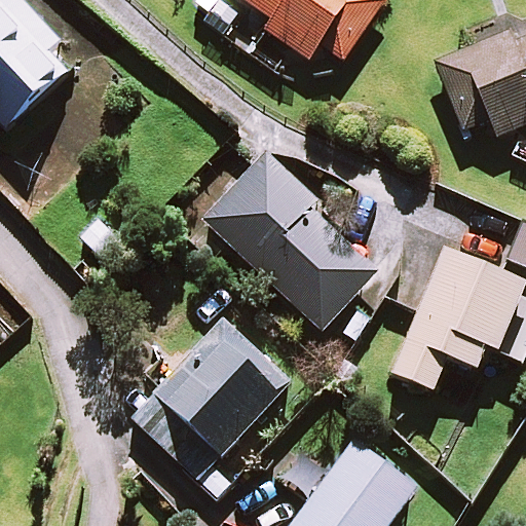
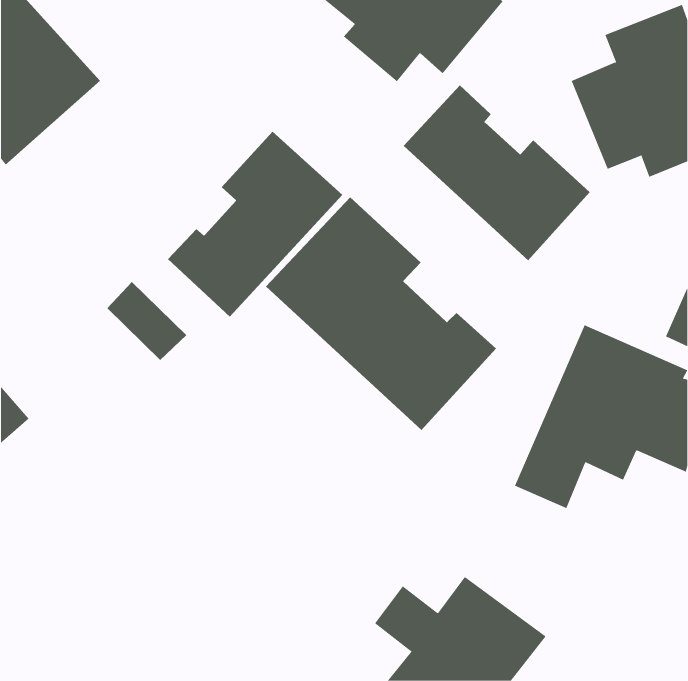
building: none -> [403,84,591,261]
building: none -> [167,131,343,317]
building: [134,317,292,479] -> none

